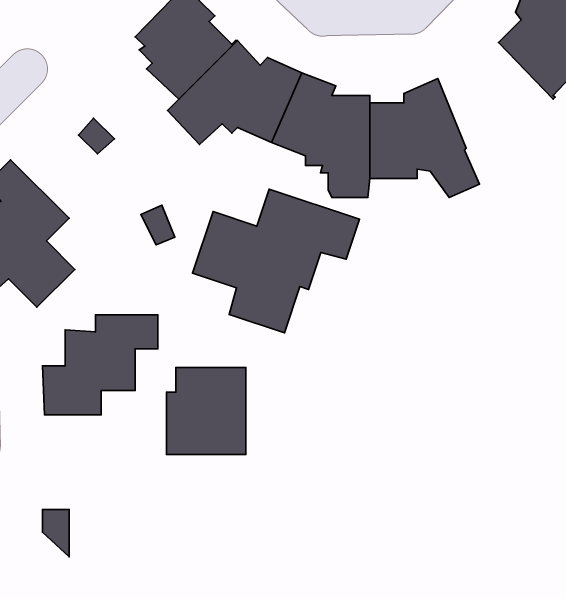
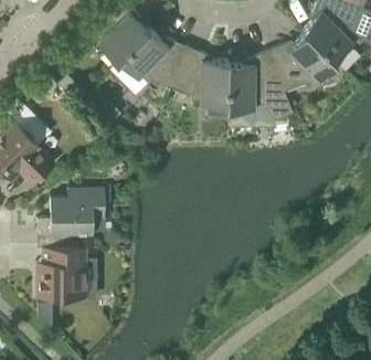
building: none -> [268,30,336,92]
building: [193,189,360,333] -> none
building: [166,368,246,455] -> [39,247,85,298]

